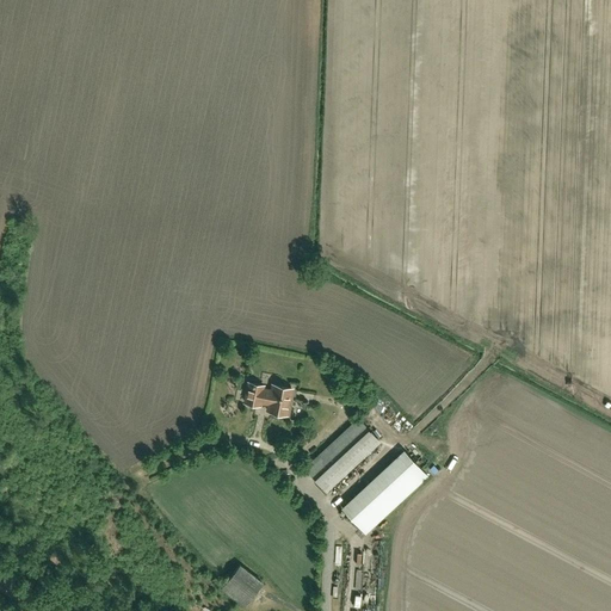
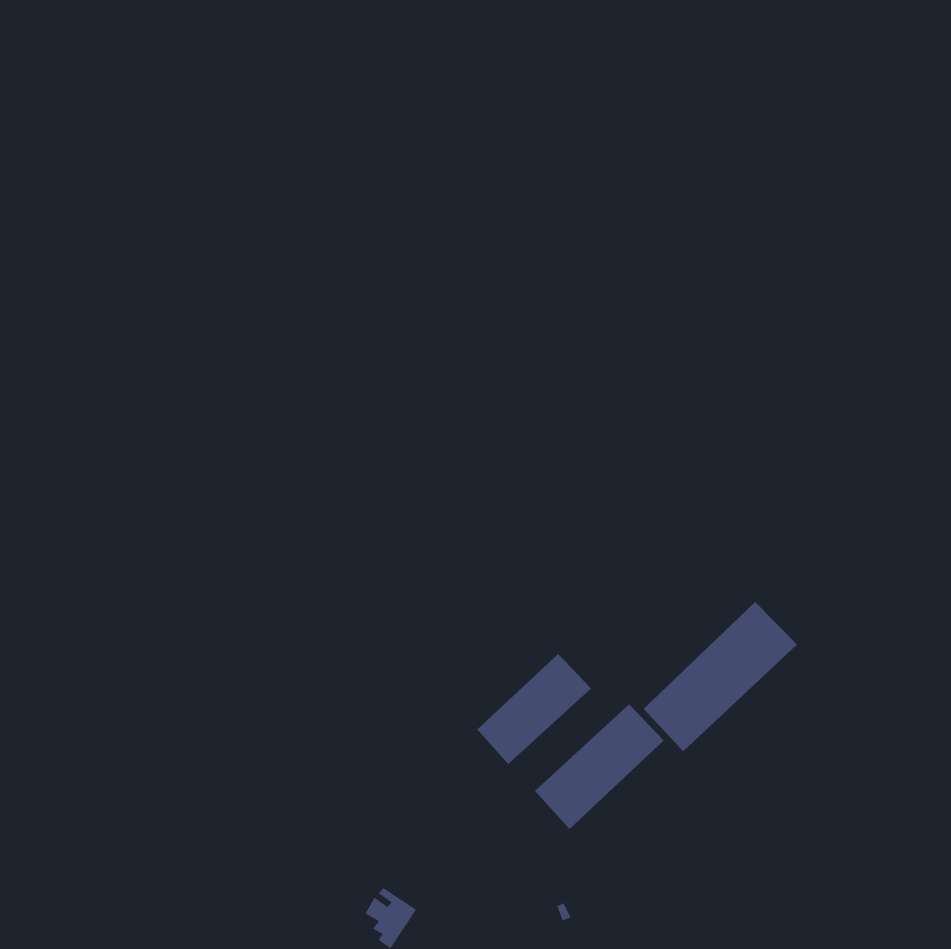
building: [245,384,291,415] -> none
building: none -> [643,601,798,752]

